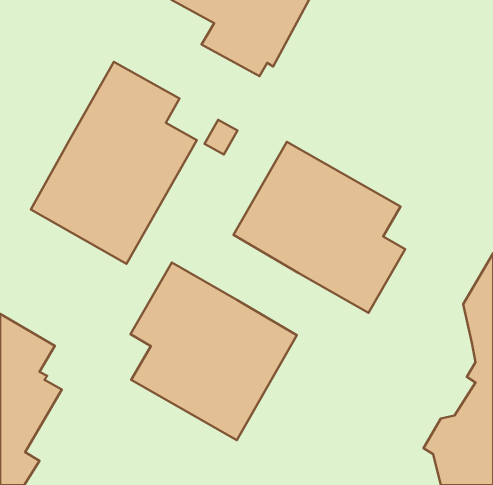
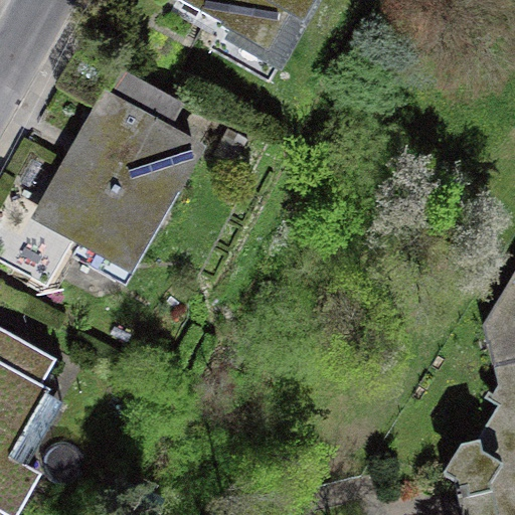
building: [233,142,405,313] -> none
building: [130,263,297,440] -> none

